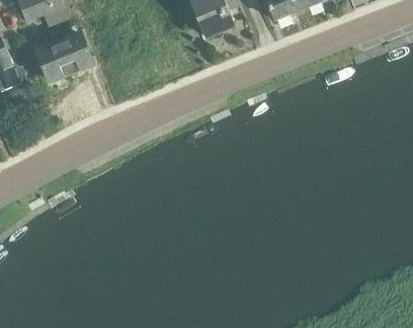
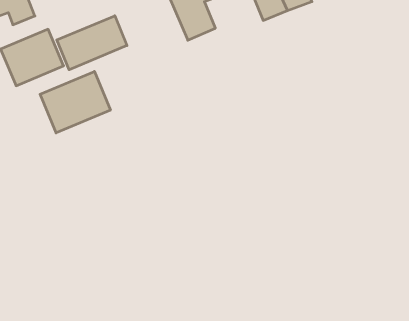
building: none -> [57,16,127,70]
building: none -> [40,71,110,133]

